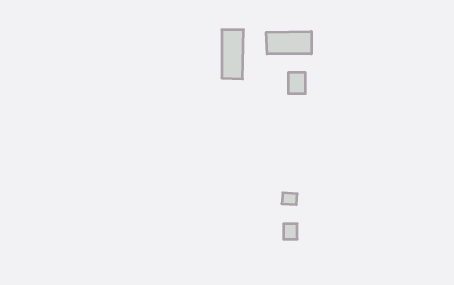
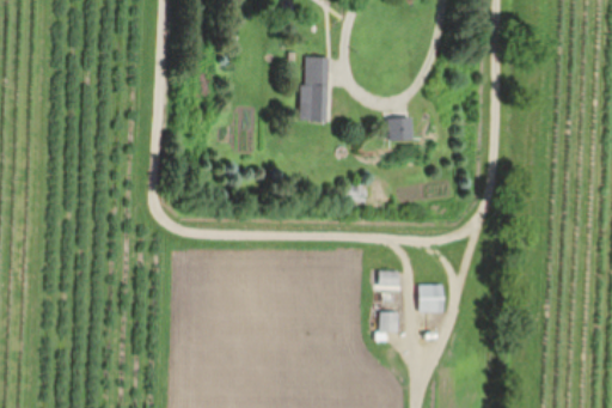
building: [266,31,311,54] -> none
building: none -> [420,285,445,313]

